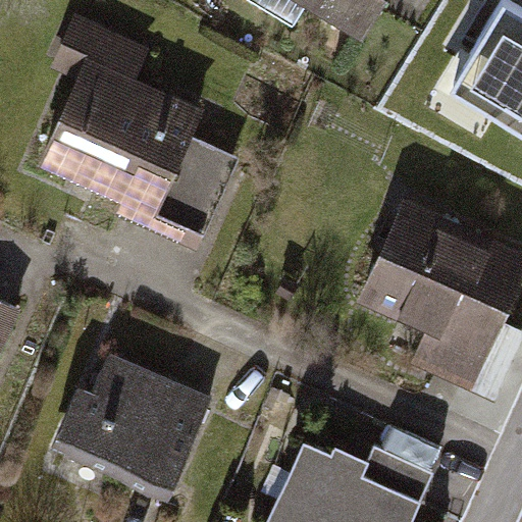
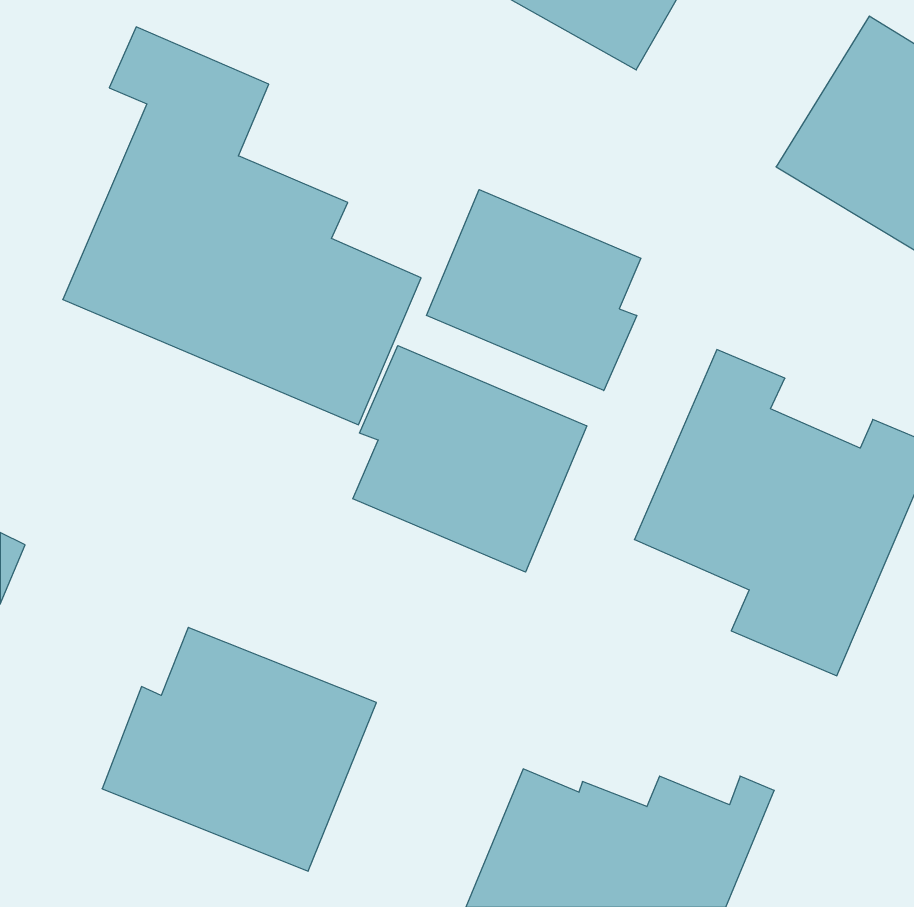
building: none -> [426,190,641,391]
building: none -> [353,346,587,572]

